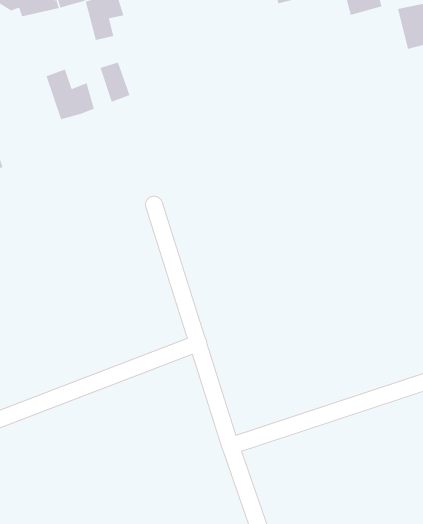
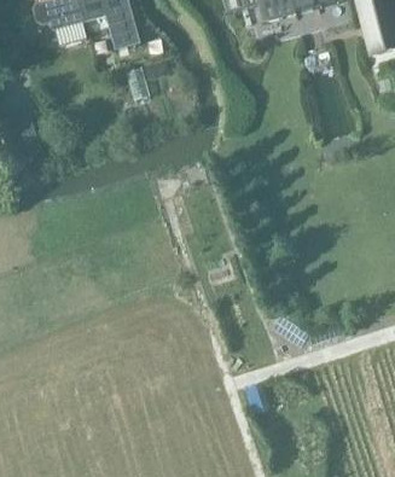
building: [46,69,95,120] -> none

